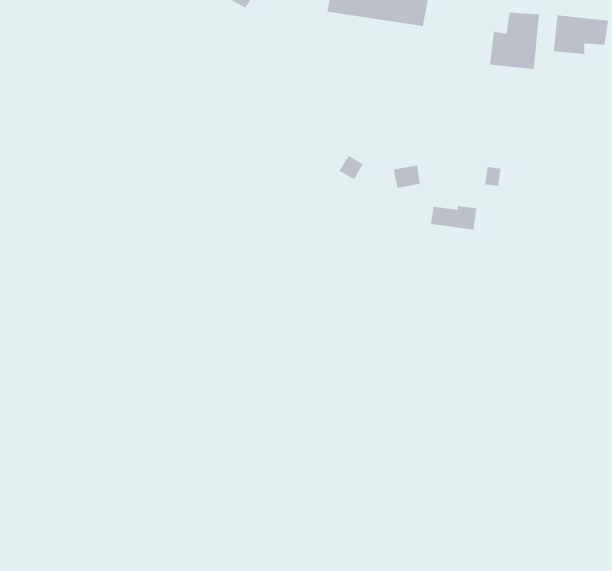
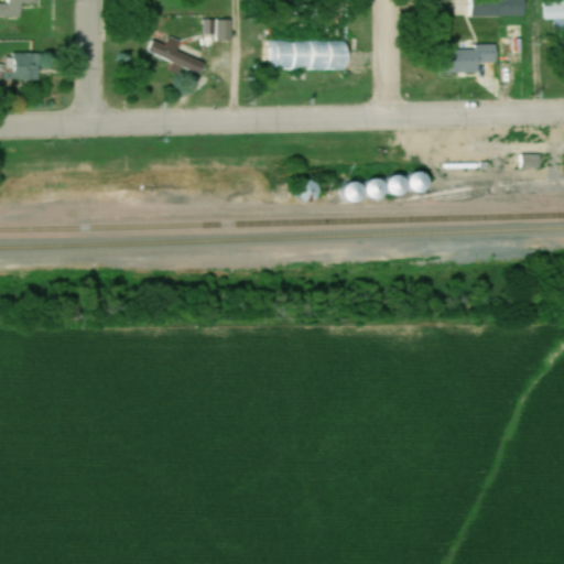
building: [489,12,540,70] -> none
building: [430,205,477,231] -> [369,176,405,195]

